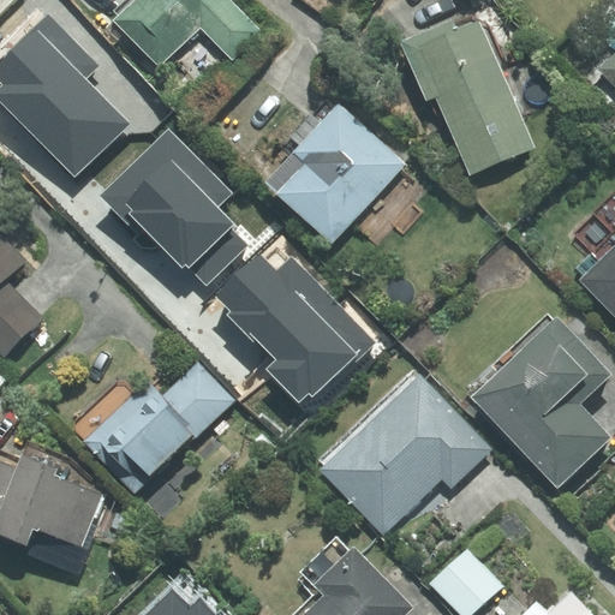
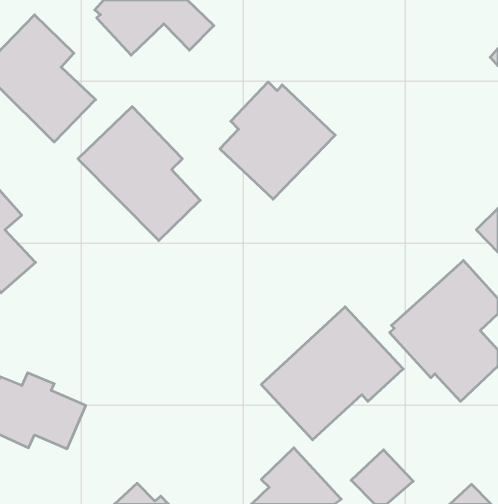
building: [414,20,535,174] -> none
building: [208,255,362,407] -> none
building: [85,363,234,494] -> none

